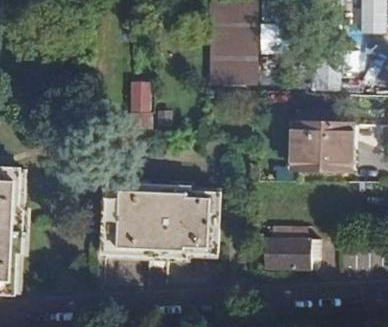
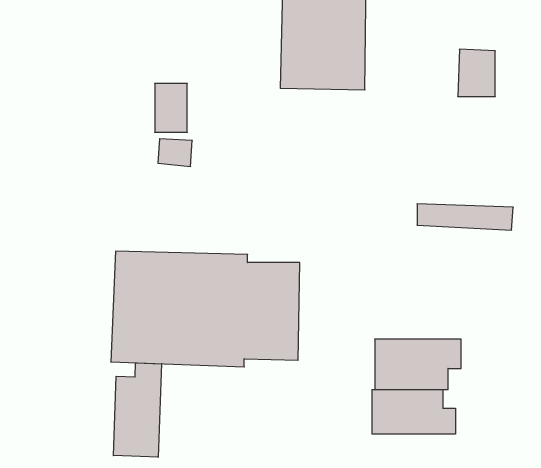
building: [291,123,351,157] -> none
building: none -> [113,363,161,457]
building: none -> [372,390,455,434]

